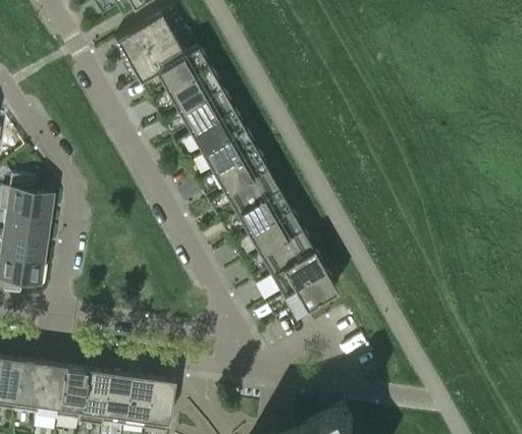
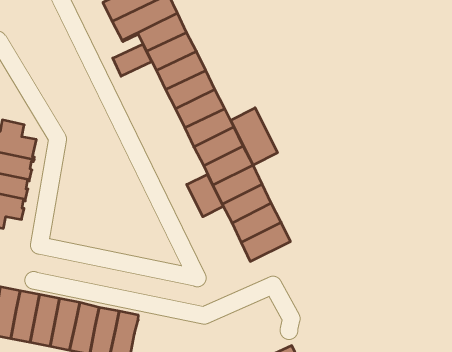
building: none -> [113,44,152,76]
building: none -> [231,108,277,165]
building: none -> [187,174,223,217]

